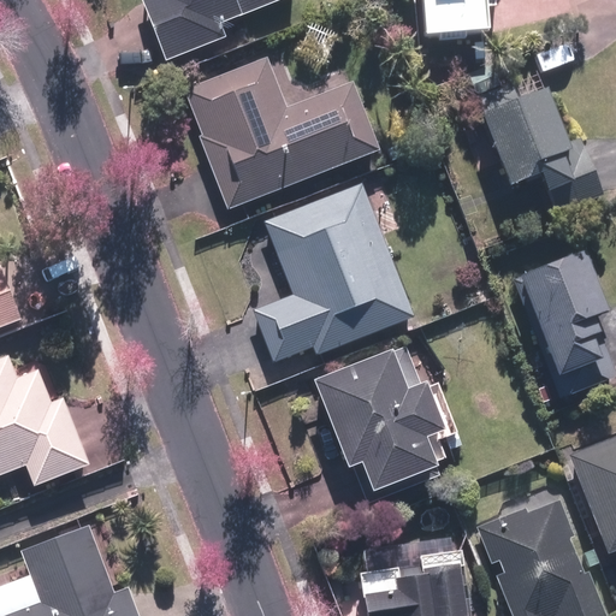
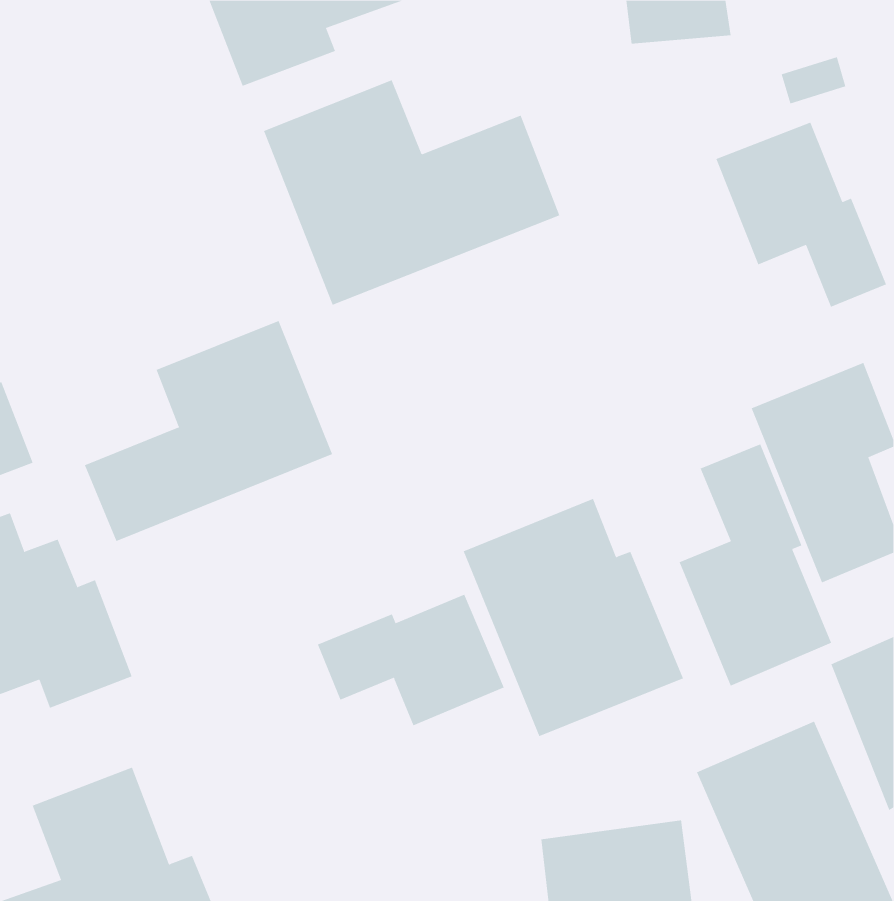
building: [251,182,416,360] -> none
building: none -> [84,320,333,542]
building: none -> [679,443,832,687]
building: none -> [317,594,504,726]

